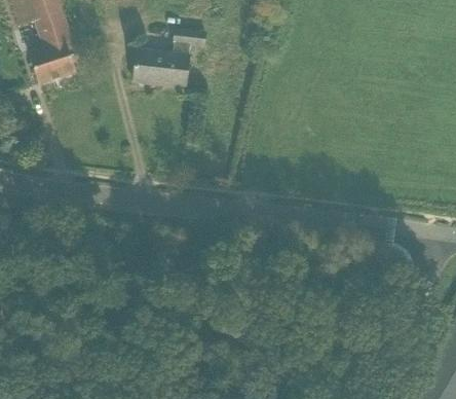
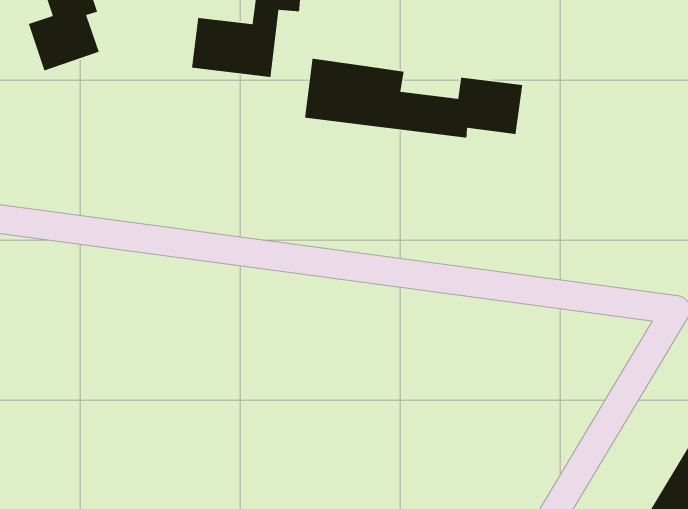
building: none -> [304,58,523,138]

